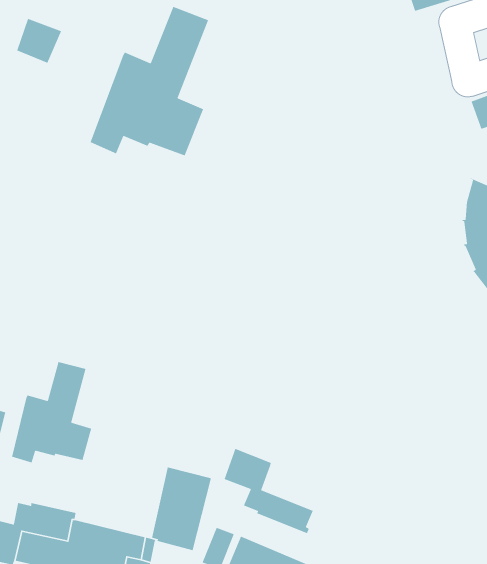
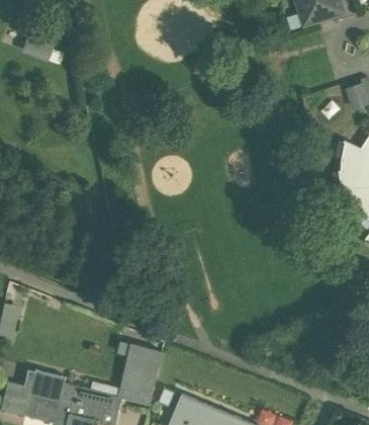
building: [89,6,209,157] -> none
building: [11,361,92,463] -> none
building: [224,448,314,534] -> none

